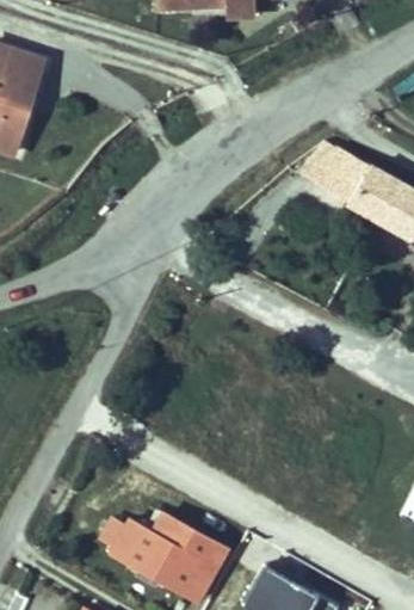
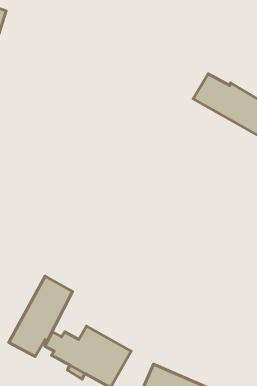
building: none -> [9,276,73,356]

